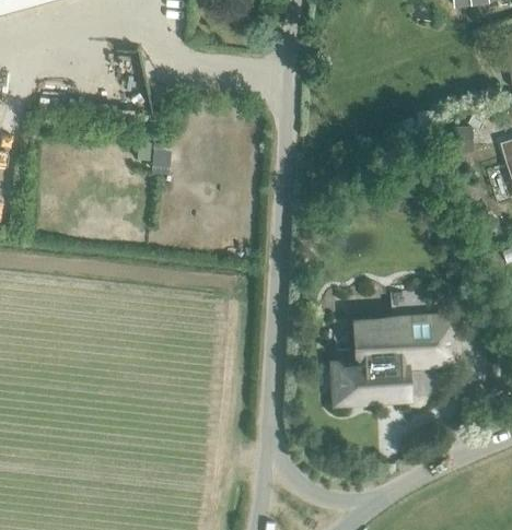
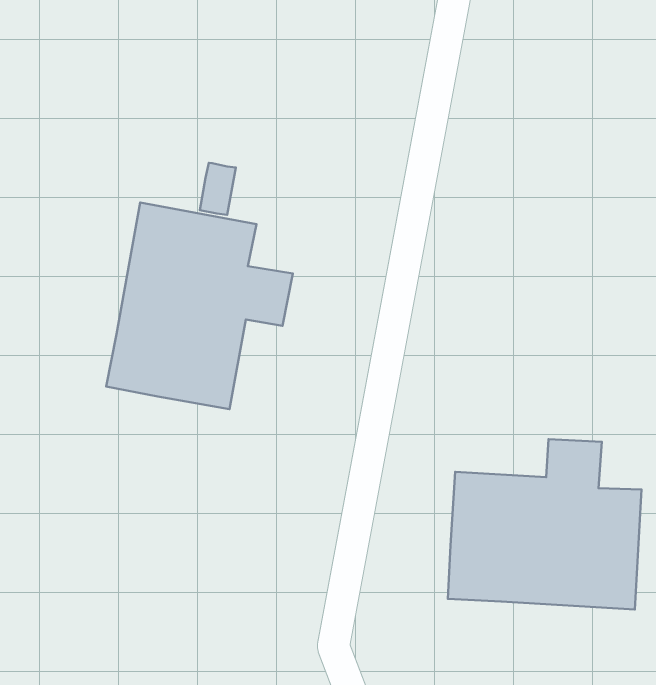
building: none -> [106,203,293,409]

